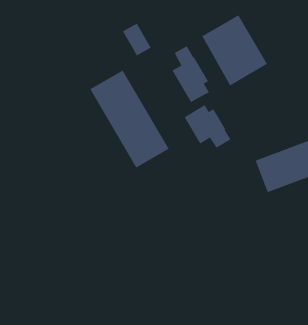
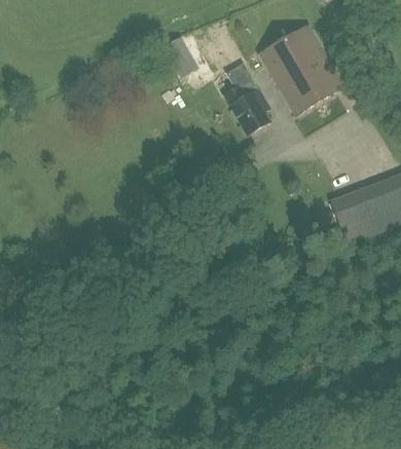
building: [89,70,170,169] -> none
building: [184,104,231,149] -> none

